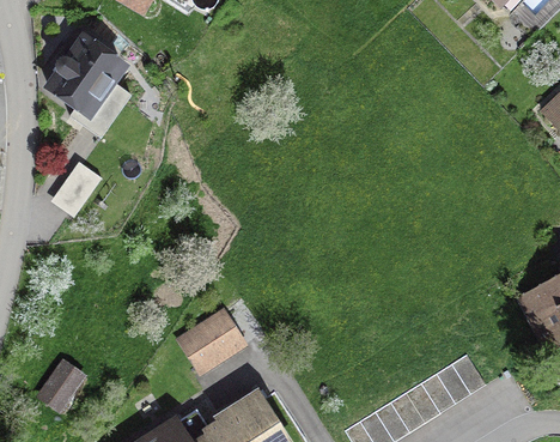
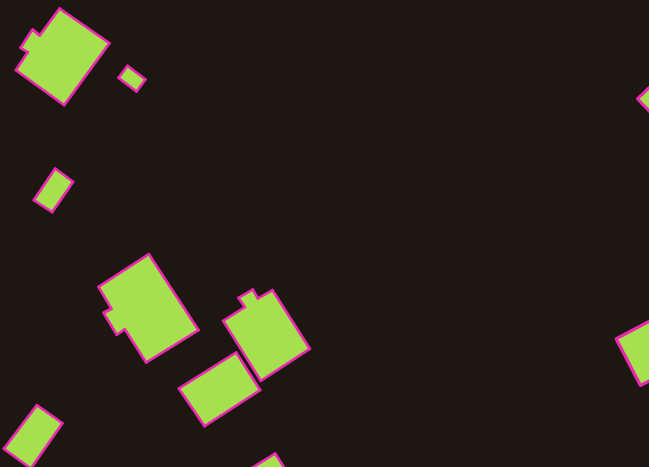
building: none -> [98,254,198,363]
building: none -> [223,290,310,381]

